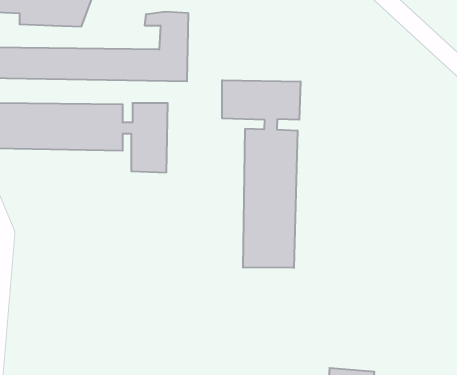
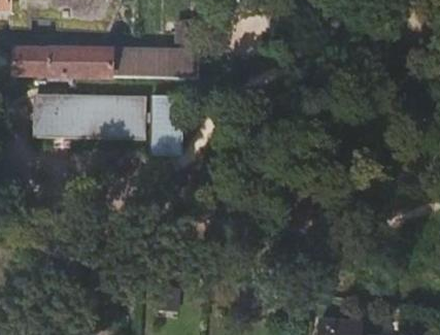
building: [222,80,301,268] -> none

